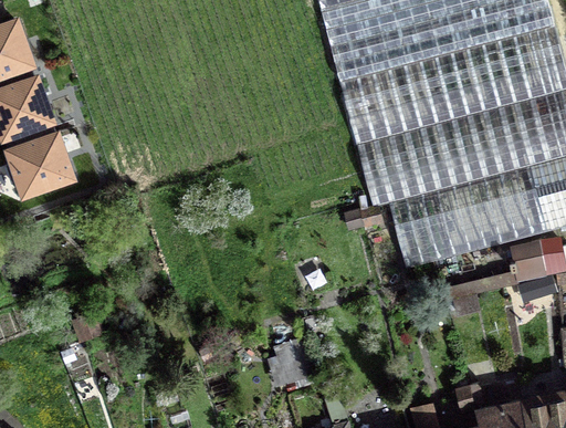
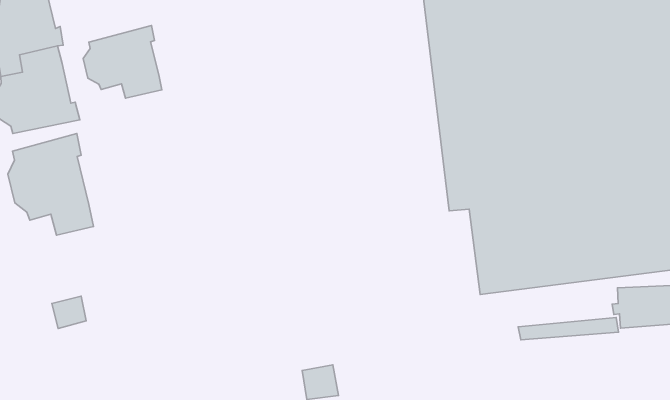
building: none -> [83,26,162,98]
building: none -> [8,133,94,235]

